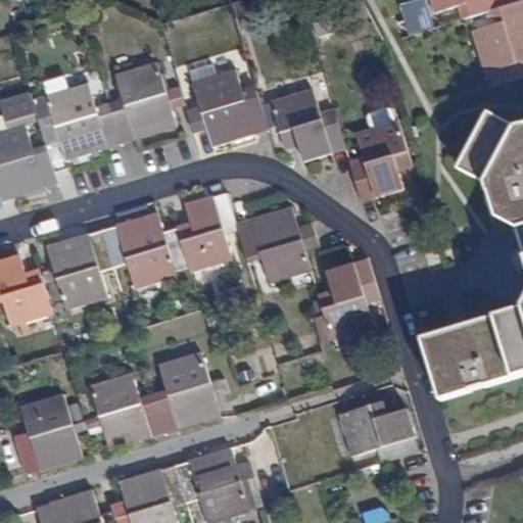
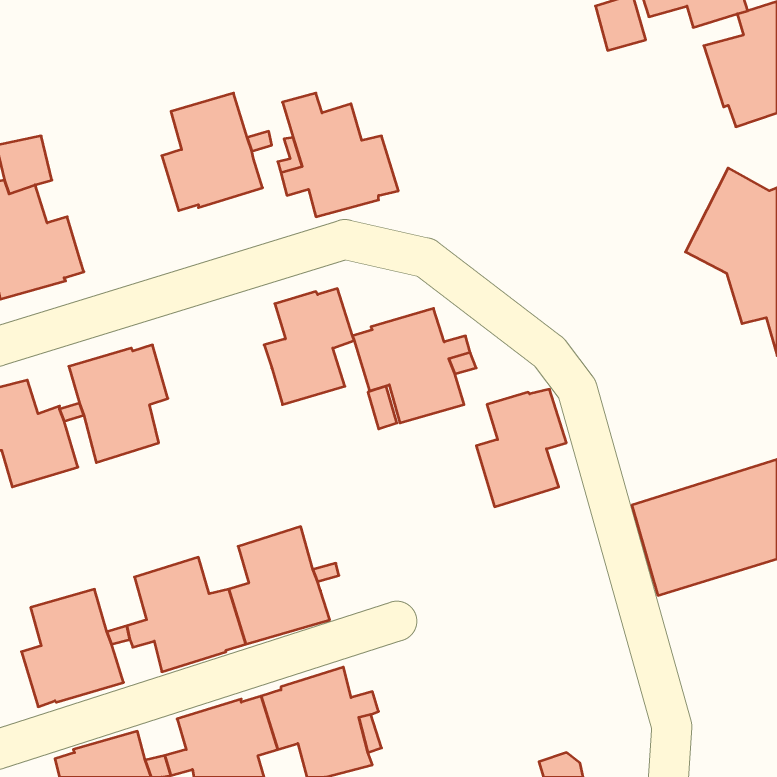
building: [40,84,120,159] -> none
building: [271,89,344,159] -> none
building: [349,121,411,198] -> none
building: [102,212,182,288] -> none
building: [338,400,416,460] -> none

